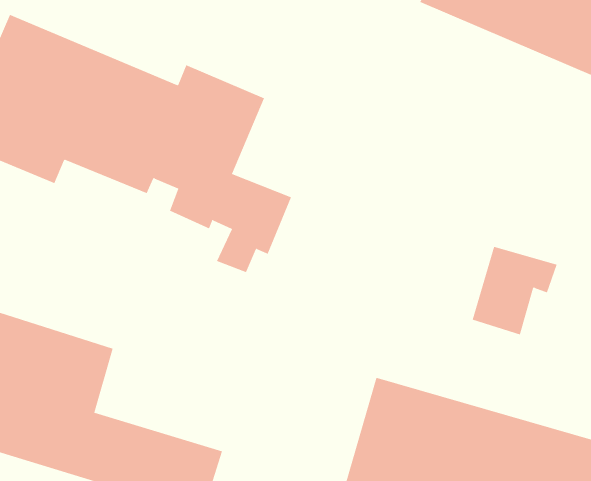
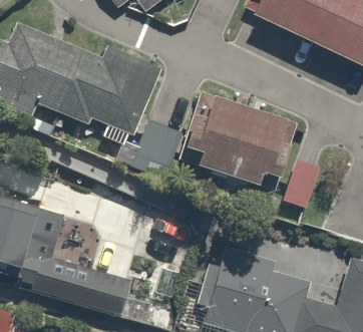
building: none -> [174,90,295,186]

